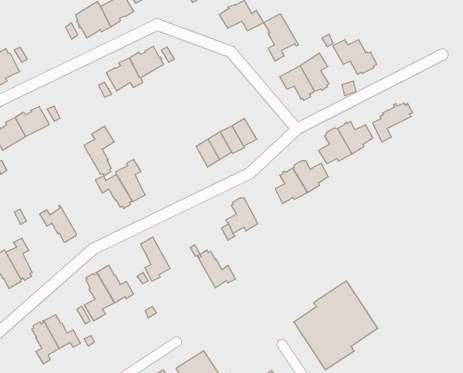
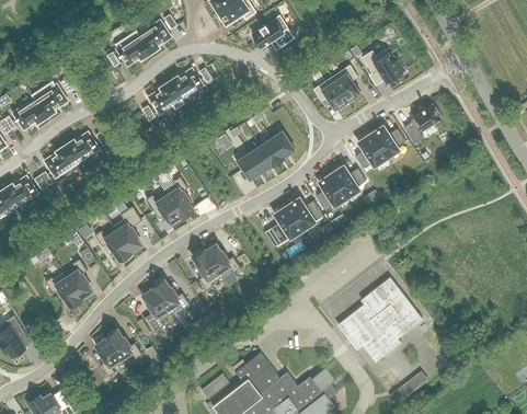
building: [264,14,298,61] -> none
building: [84,126,114,176] -> [113,206,141,253]
building: none -> [287,199,321,230]
building: [198,250,235,288] -> [203,243,240,278]

